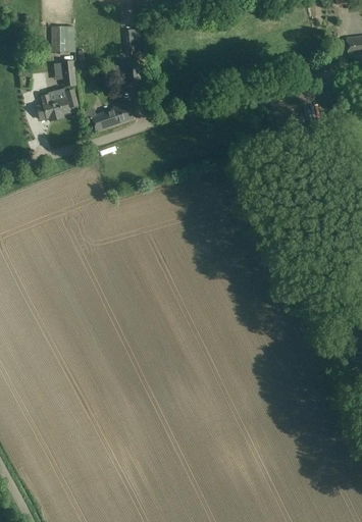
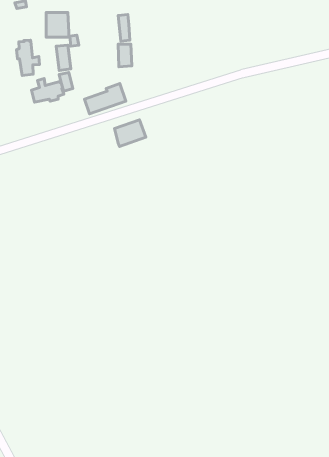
building: none -> [17,40,39,76]
building: none -> [114,120,146,147]

